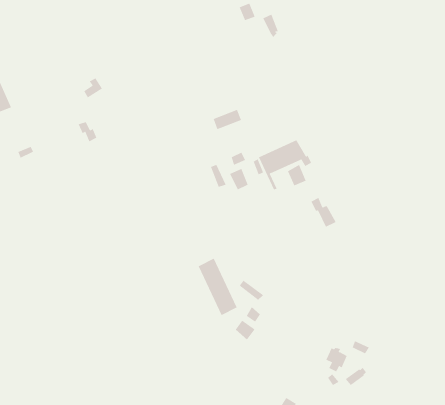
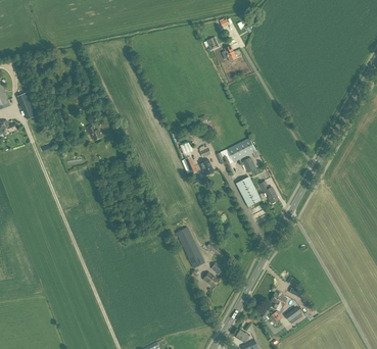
building: none -> [236,176,262,207]

